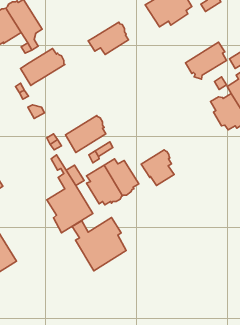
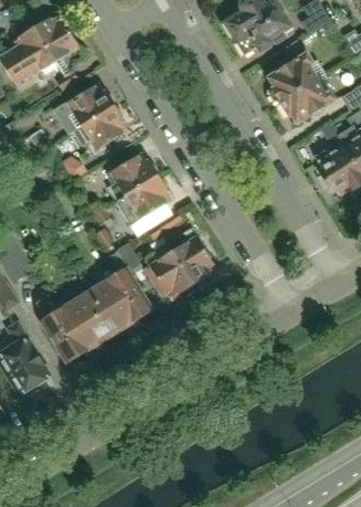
building: [88,22,129,54] -> [73,105,128,149]
building: none -> [268,52,326,103]
building: none -> [107,152,159,201]
building: [141,150,174,185] -> none
building: [72,218,126,271] -> [36,291,110,363]

